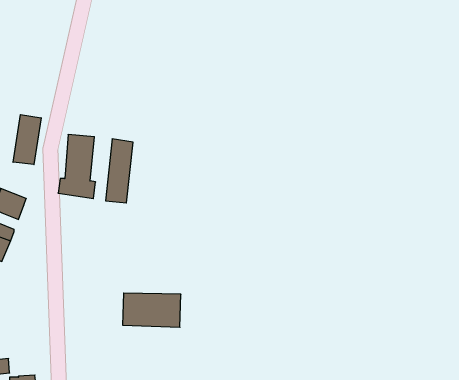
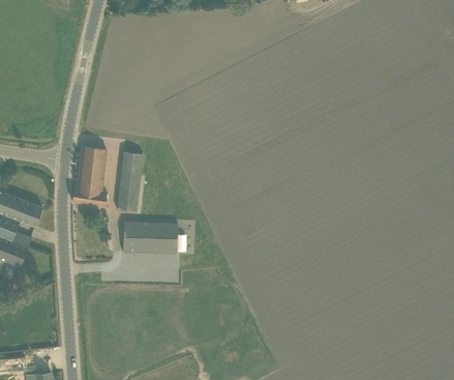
building: [13,115,41,165] -> none
building: [123,293,181,327] -> [123,222,178,254]

